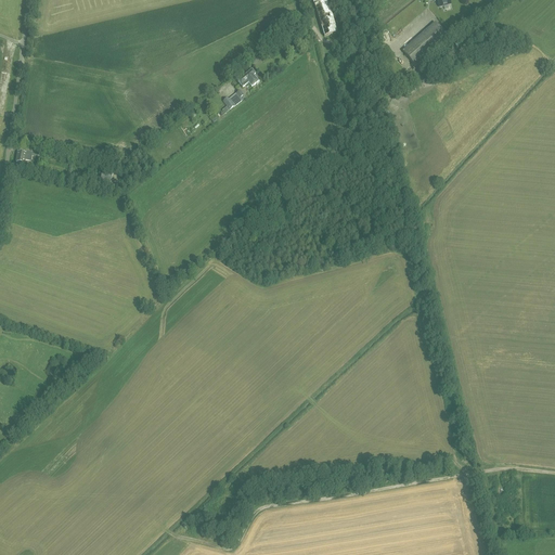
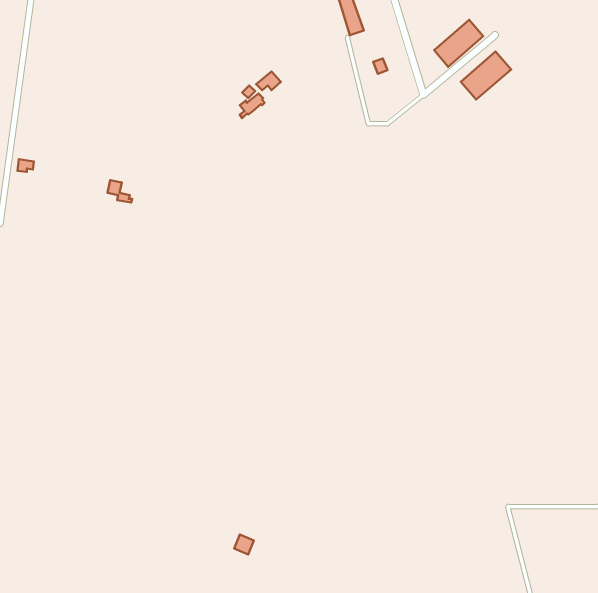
building: none -> [461,52,511,100]

